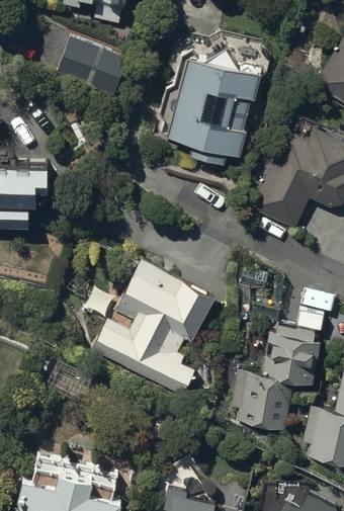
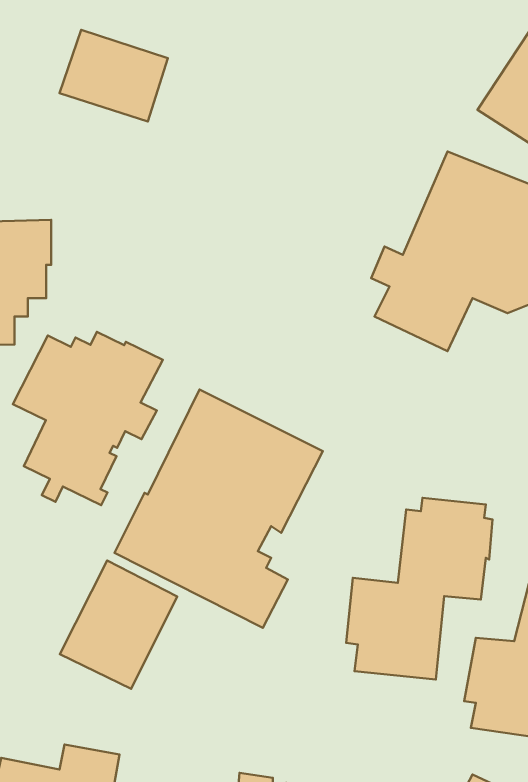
building: [162,35,270,167] -> none
building: none -> [13,332,163,505]
building: none -> [60,561,177,689]

